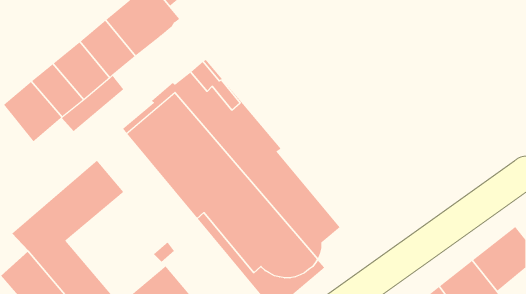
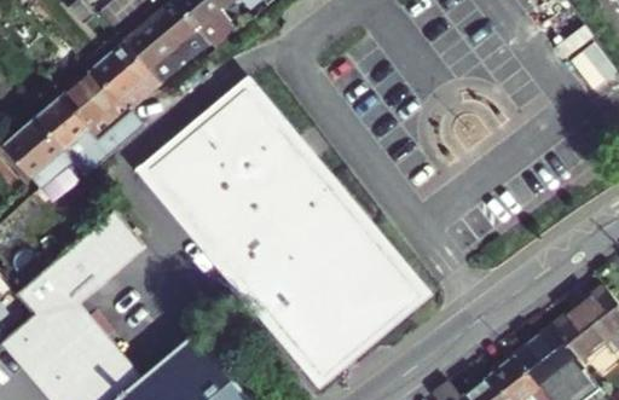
building: none -> [324,193,420,332]

